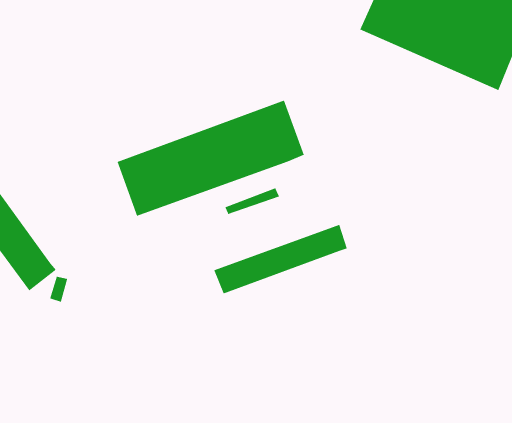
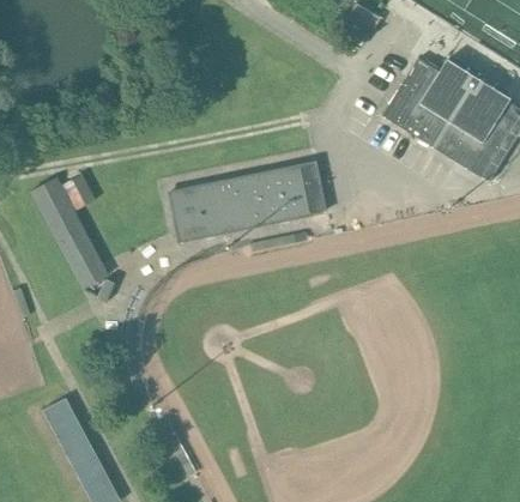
building: [213,224,348,295] -> none

